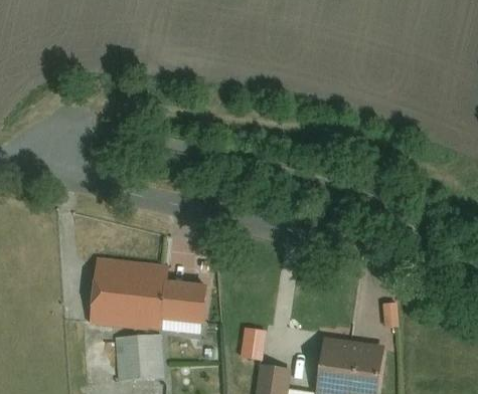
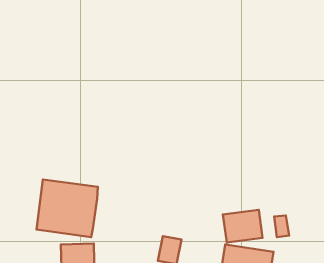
building: [160,281,206,324] -> none
building: none -> [223,210,262,243]

